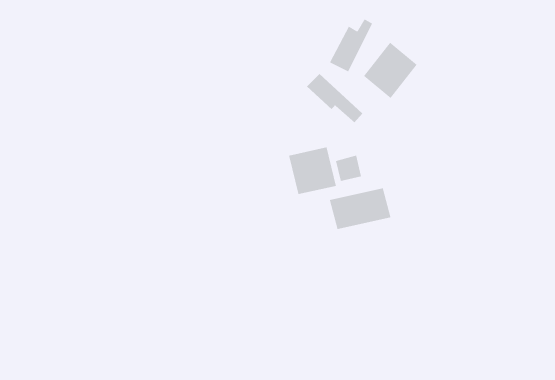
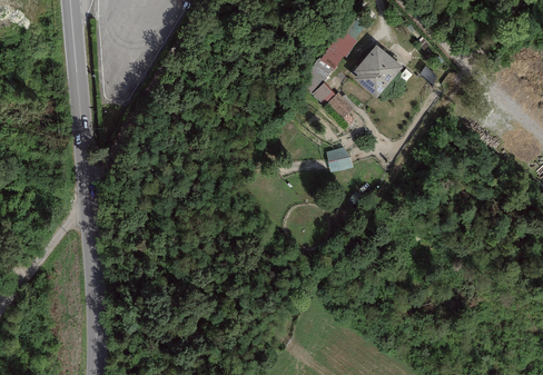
building: [288,147,336,195] -> none
building: [329,188,391,230] -> none

